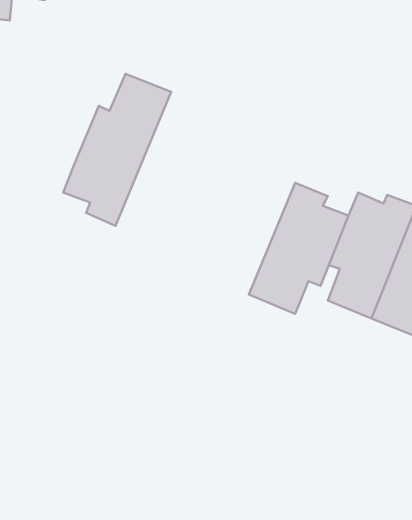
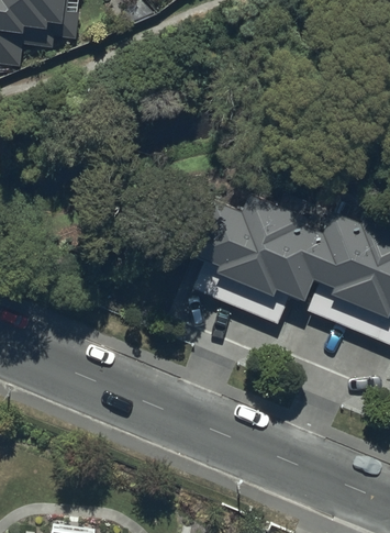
building: [63,74,171,226] -> none
building: none -> [194,193,278,307]

